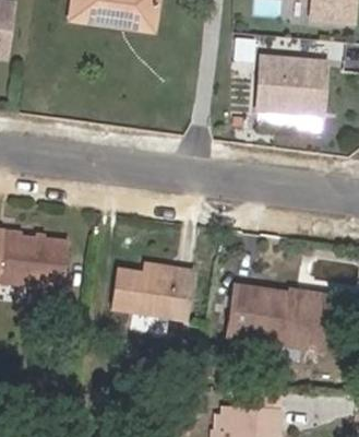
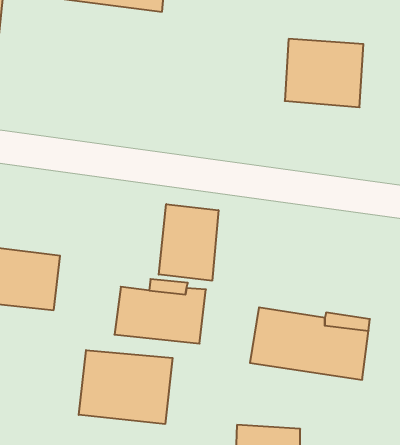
building: none -> [159,204,218,281]
building: none -> [79,350,173,424]

